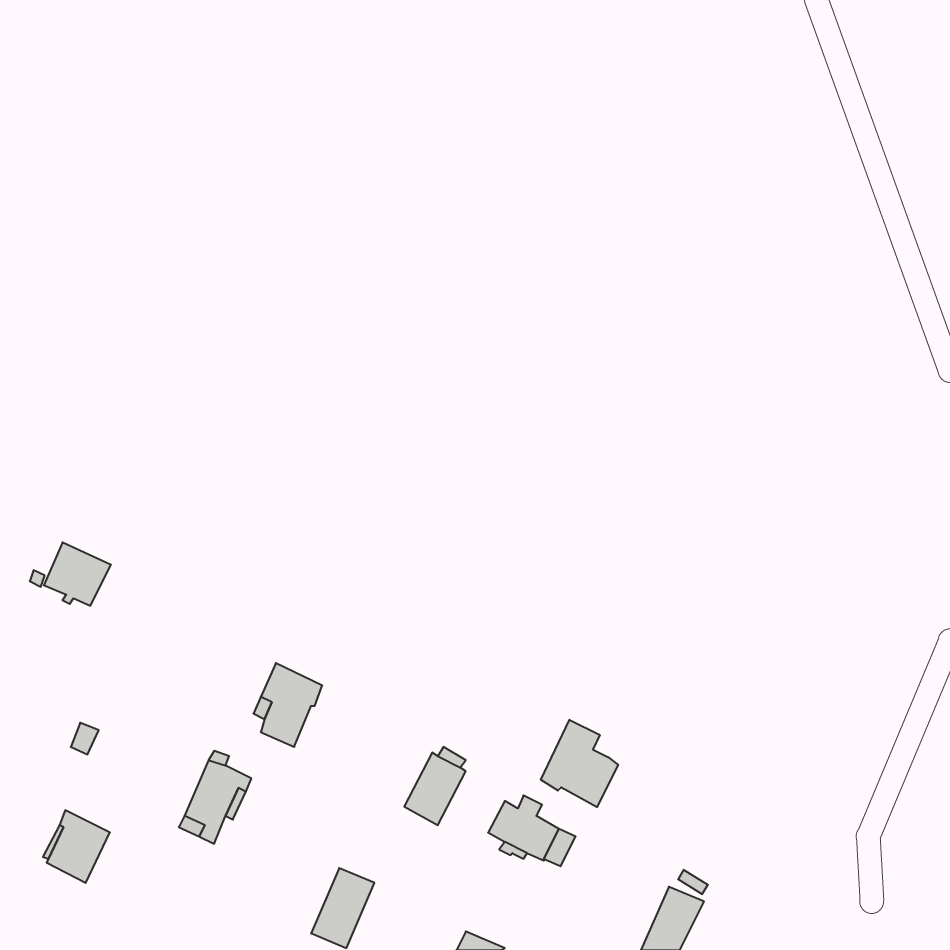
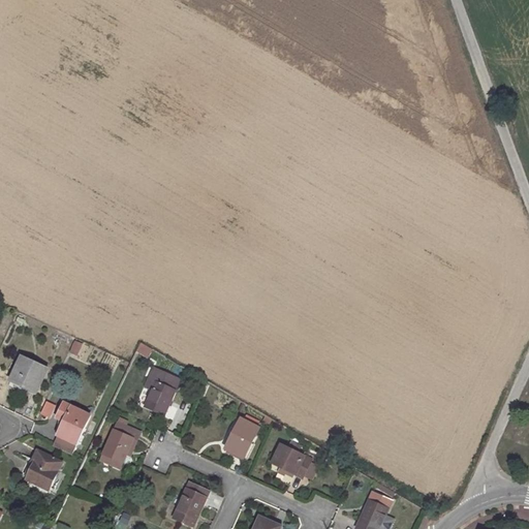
building: [44,542,111,606] -> [9,355,46,391]
building: [541,720,618,807] -> none
building: none -> [52,402,89,455]

